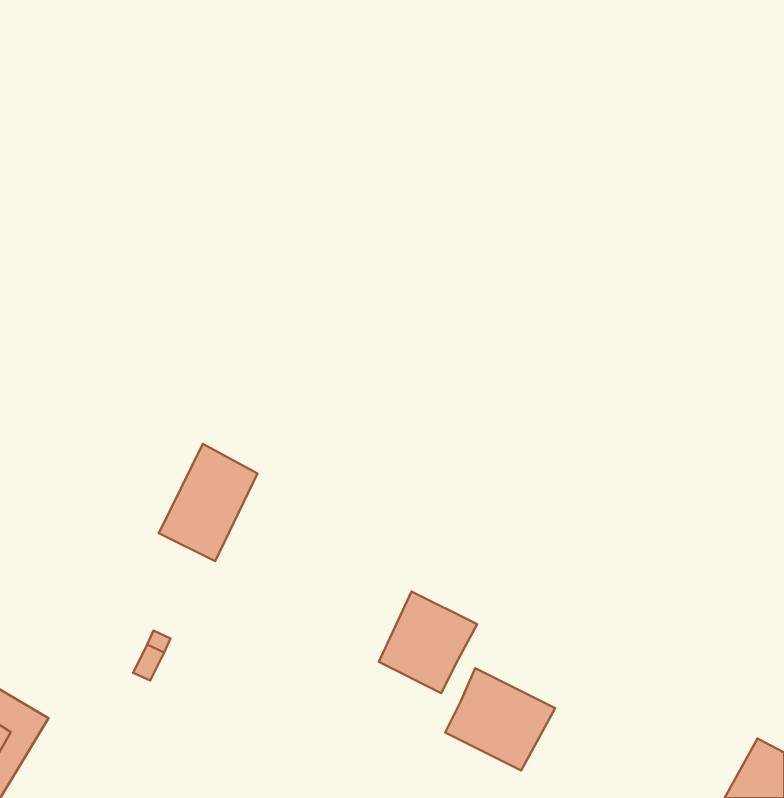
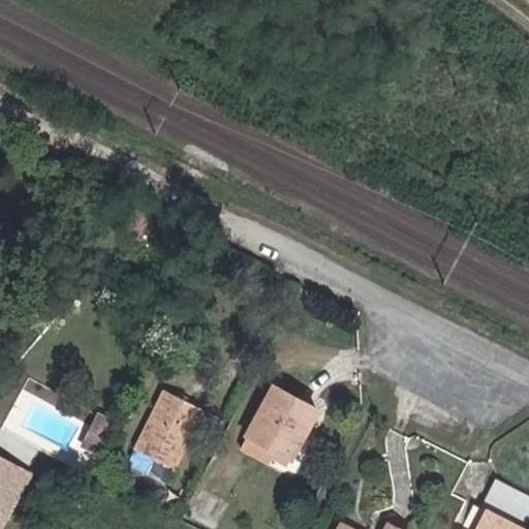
building: [159,444,258,561] -> [133,391,198,468]
building: [445,668,555,771] -> none

